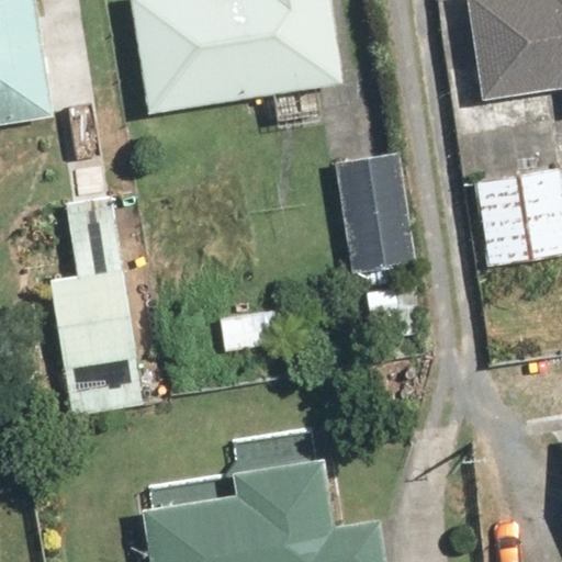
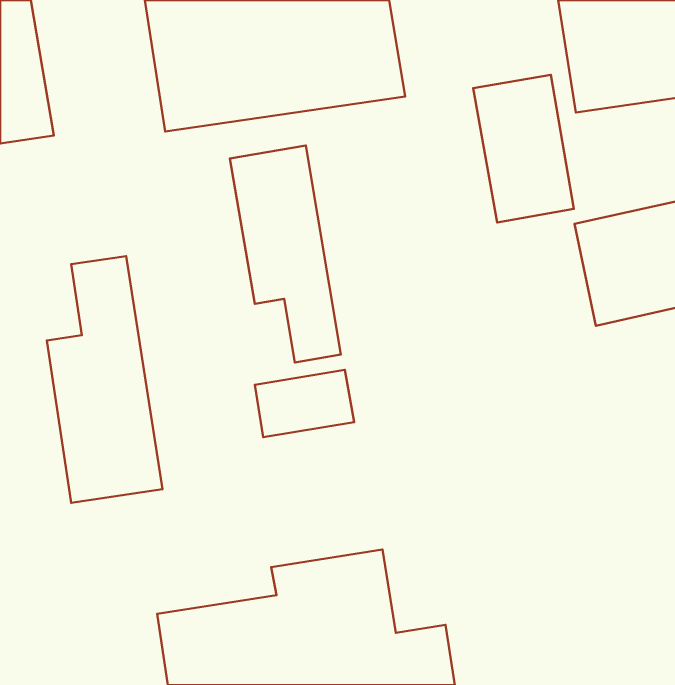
building: none -> [230,145,341,363]
building: [339,158,422,279] -> [473,75,574,222]

